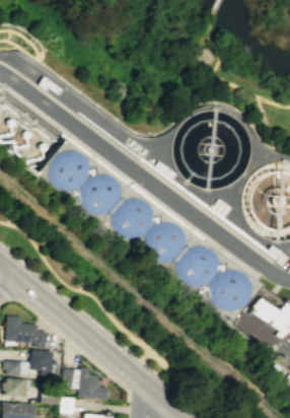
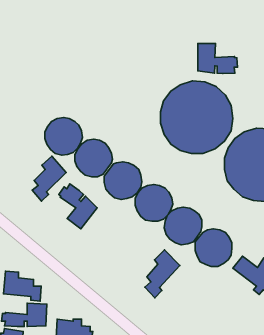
building: none -> [198,43,238,74]
building: none -> [32,156,66,201]
building: none -> [59,184,97,229]
building: none -> [145,250,180,298]

